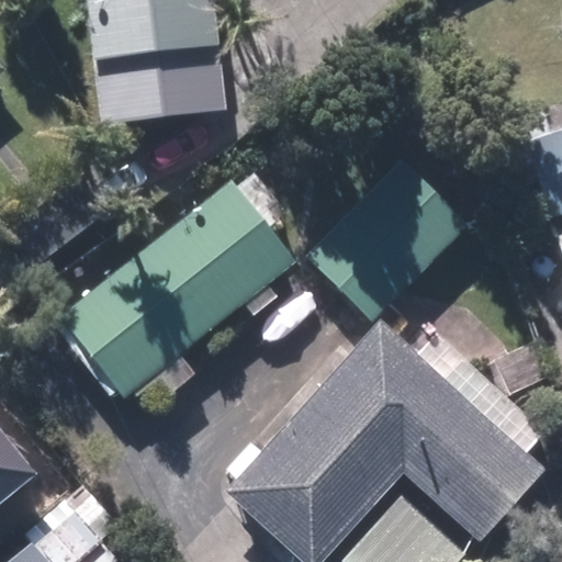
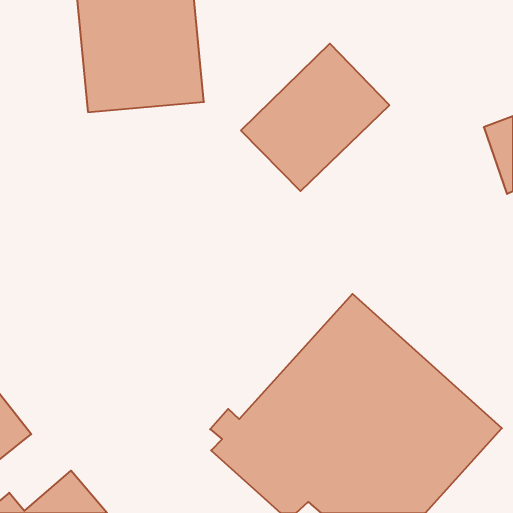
building: [305,160,467,321] -> [241,44,389,191]
building: [72,179,297,393] -> none

